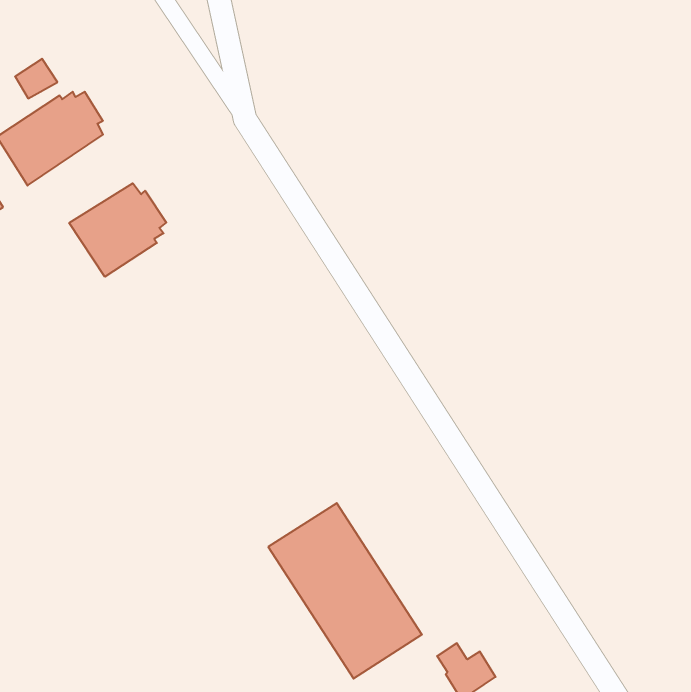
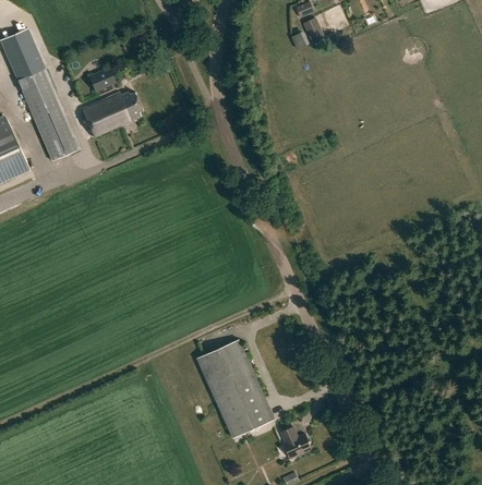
building: [69,183,166,277] -> none

